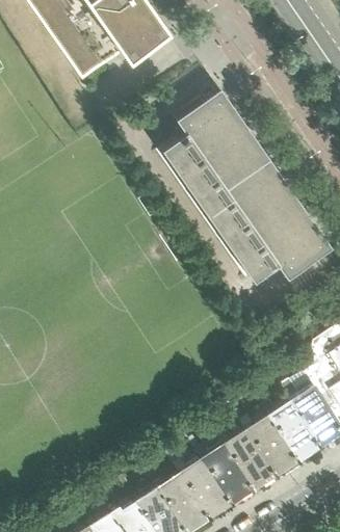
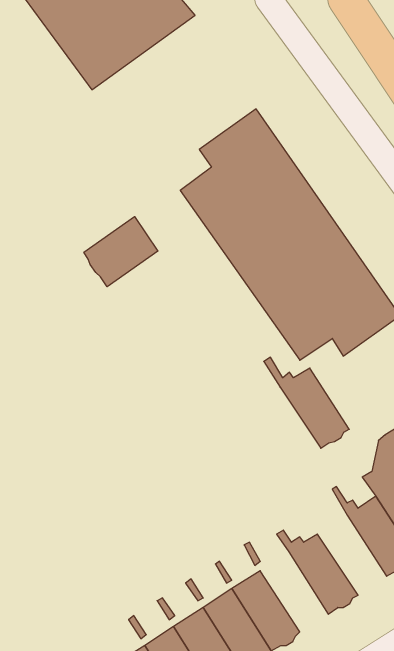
building: none -> [84,217,158,287]
building: [255,393,320,462] -> [264,357,349,448]
building: [224,429,276,490] -> none

